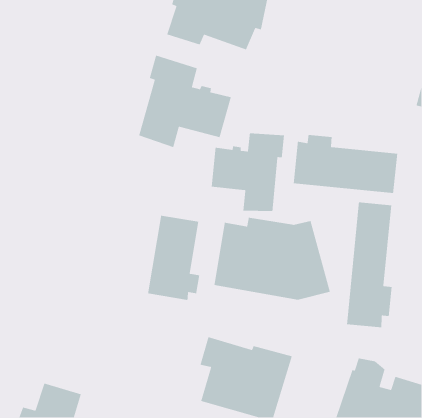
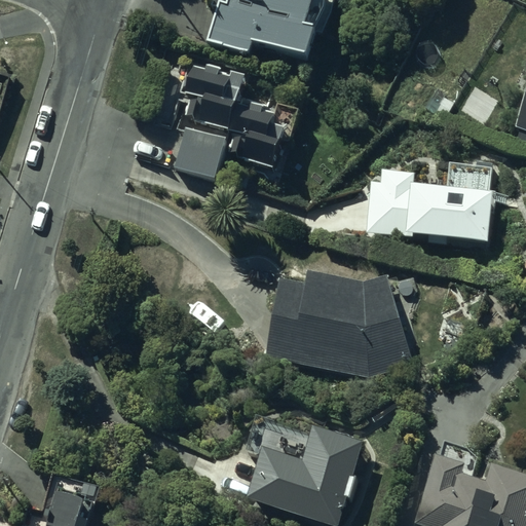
building: [211,133,285,212] -> none
building: [346,202,393,328] -> none
building: [147,215,200,301] -> none

